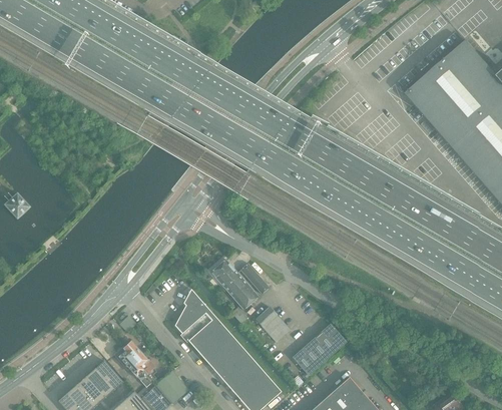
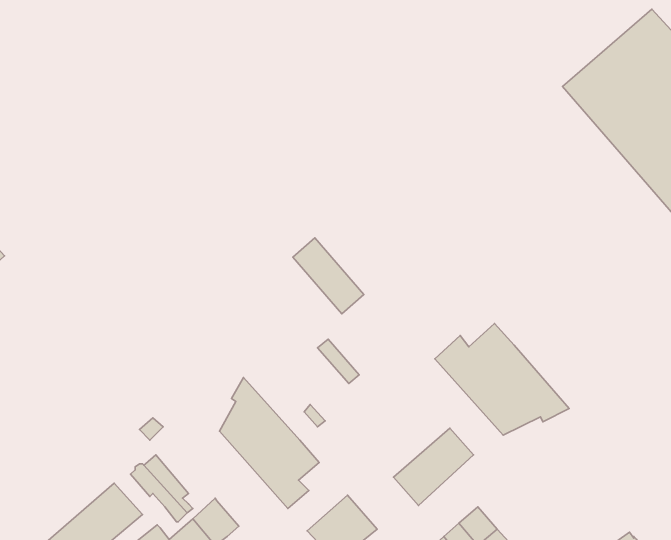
building: none -> [435,324,569,435]
building: [210,258,259,309] -> [293,238,364,314]
building: [256,306,290,340] -> none
building: [220,346,261,392] -> none

